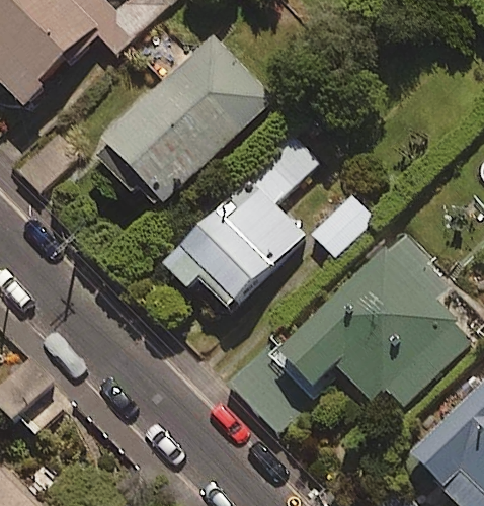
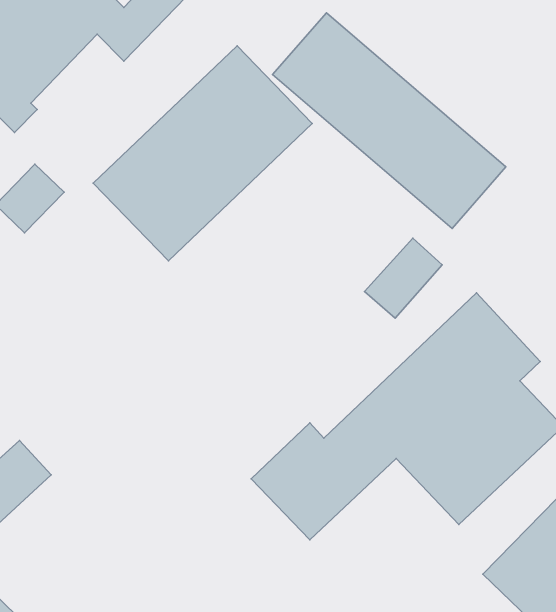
building: none -> [273,13,506,228]
building: [171,124,319,311] -> none

